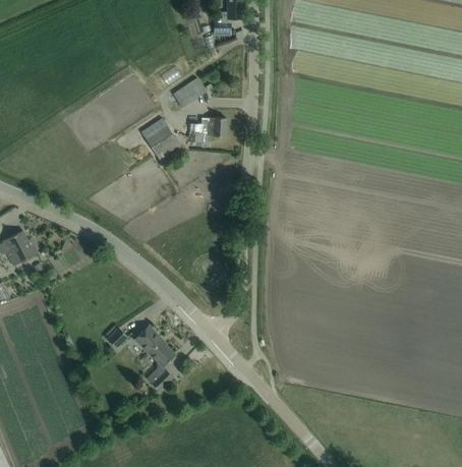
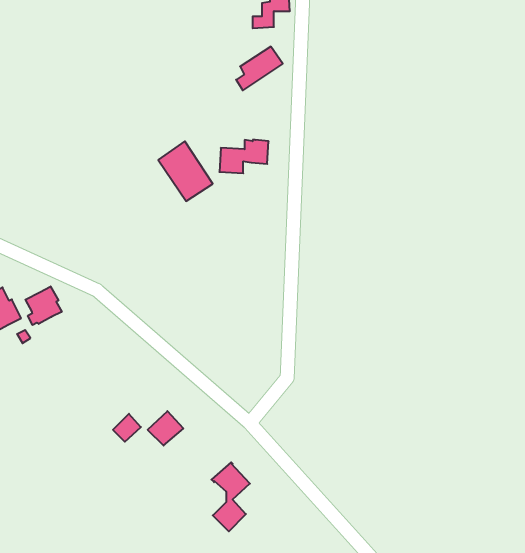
building: [170,78,206,112] -> [236,47,283,90]
building: none -> [25,286,62,325]
building: [146,338,175,391] -> [211,462,250,531]

